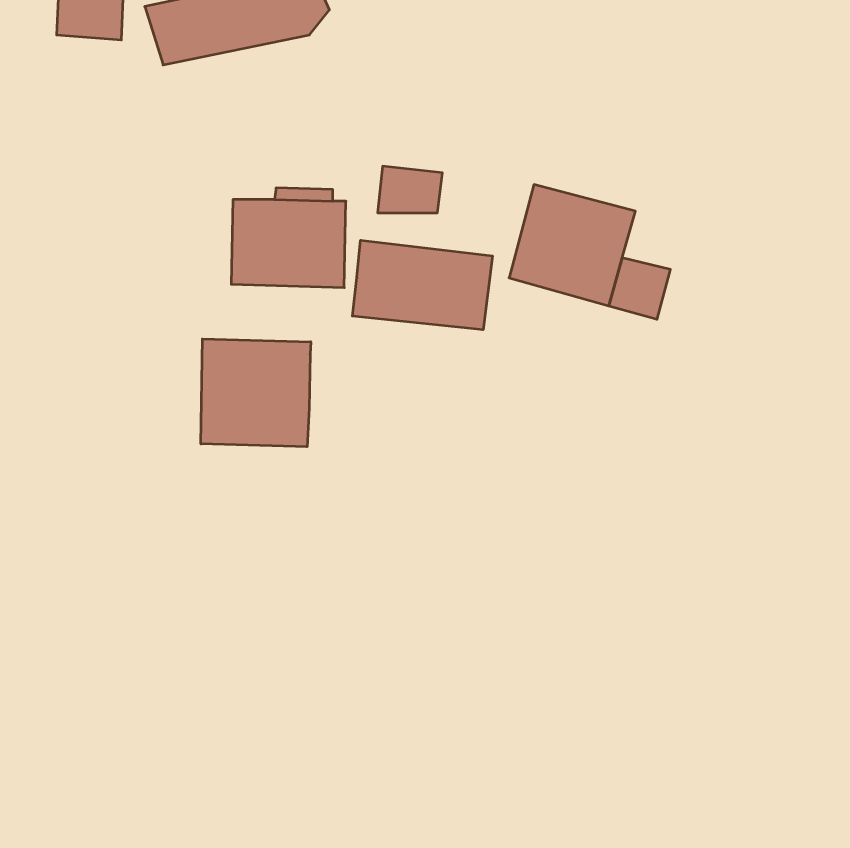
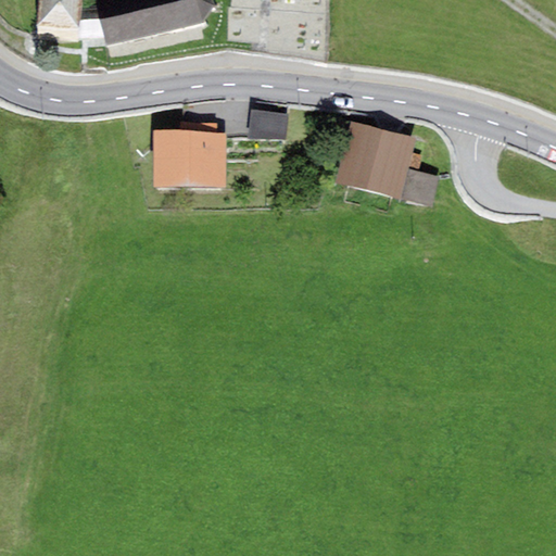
building: [352,240,492,330] -> none
building: [201,339,311,447] -> none

